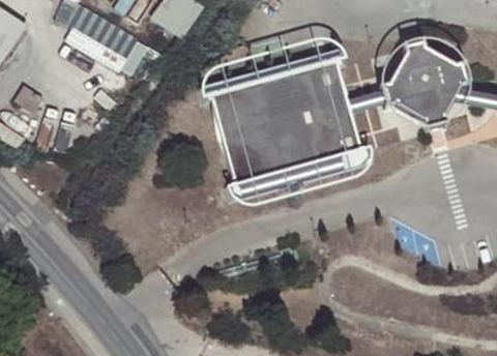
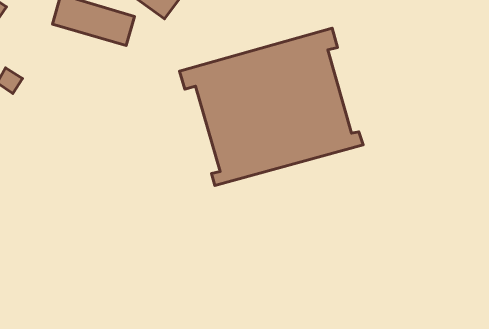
building: [378,38,469,129] -> none

